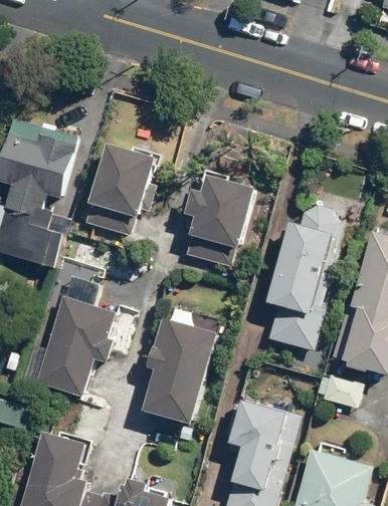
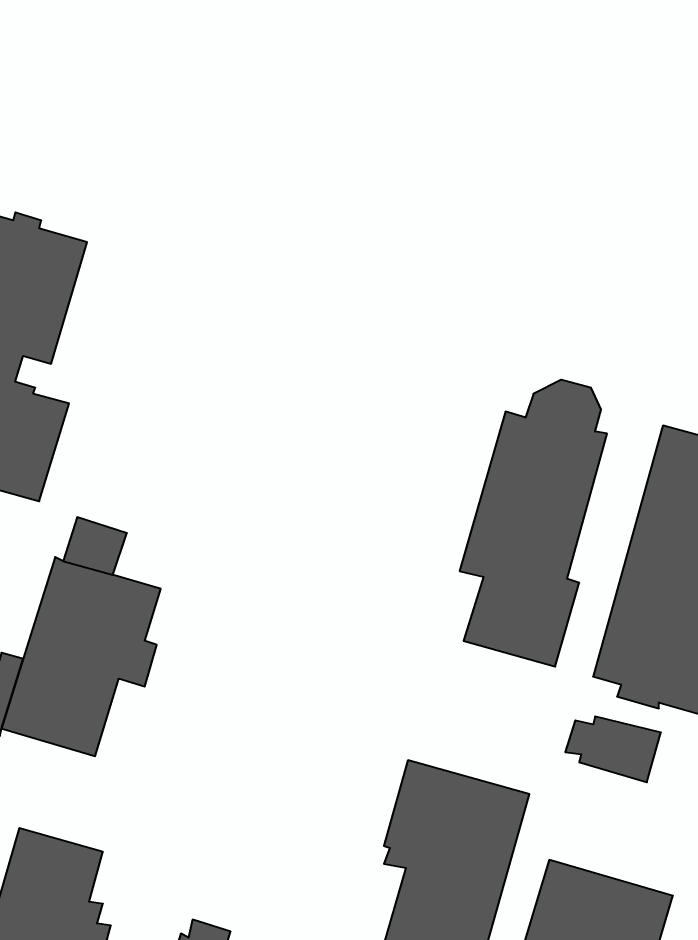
building: [84,144,156,237] -> none
building: [189,171,257,269] -> none
building: [146,318,219,424] -> none

